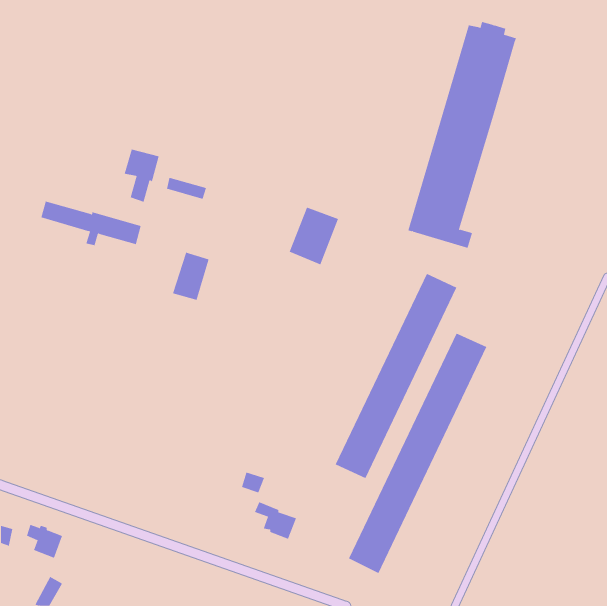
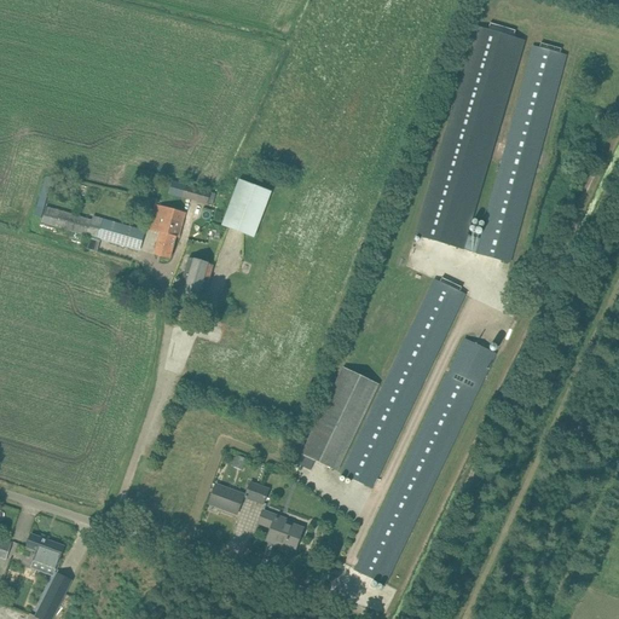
building: none -> [476,42,566,261]
building: [124,149,160,202] -> [149,203,185,258]
building: [289,207,339,265] -> [221,178,272,237]
building: none -> [300,365,380,470]
building: none -> [209,485,243,513]

